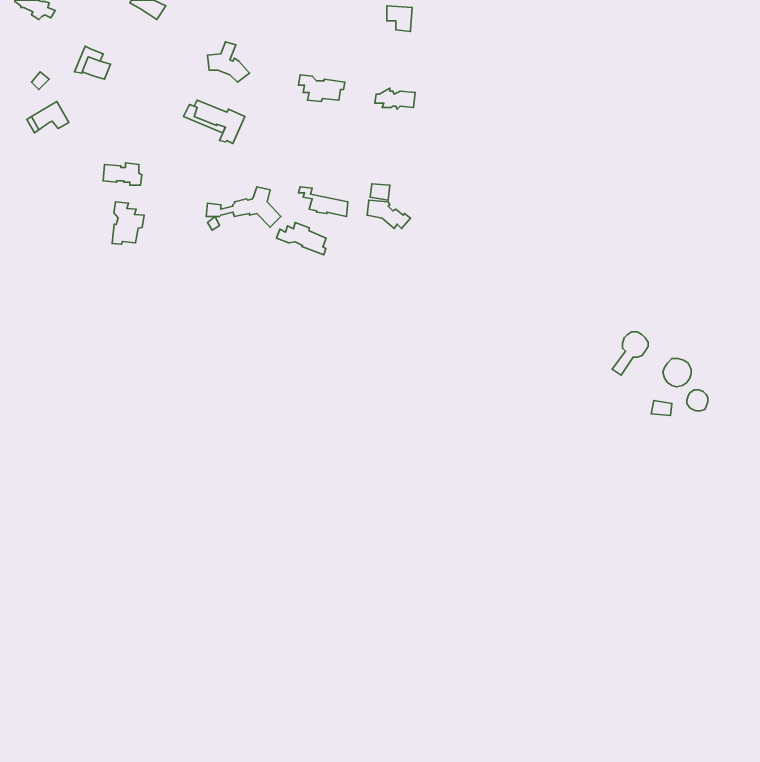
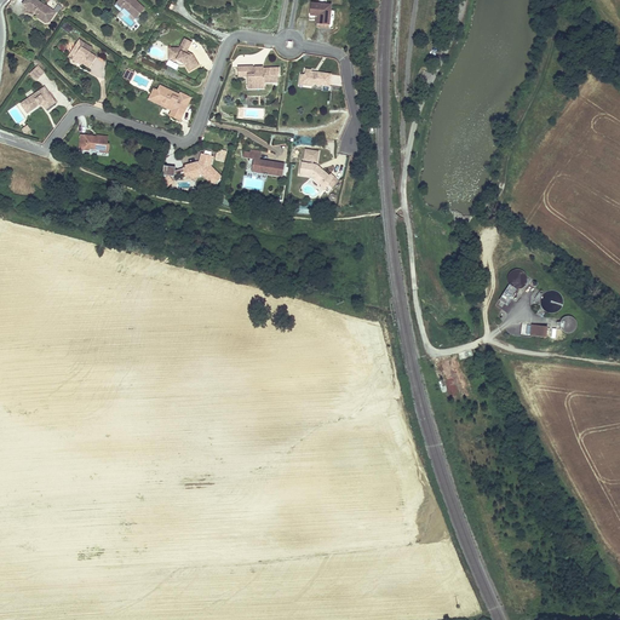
building: [112,202,144,244] -> none
building: [276,222,326,255] -> none

